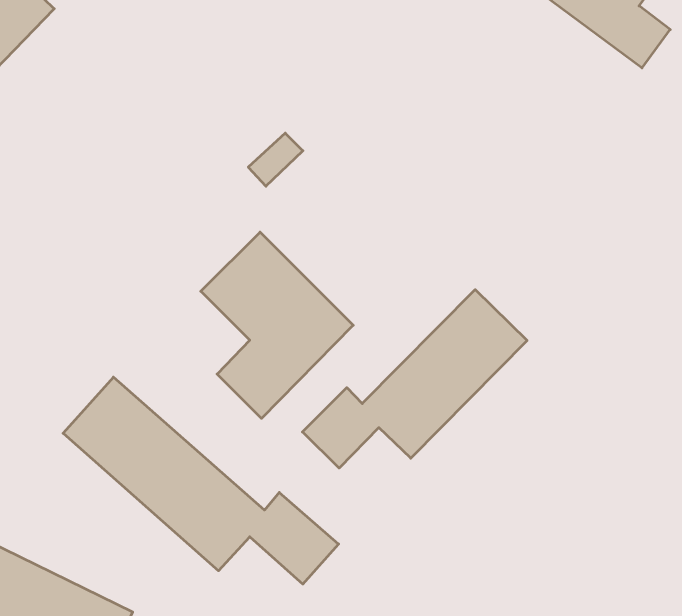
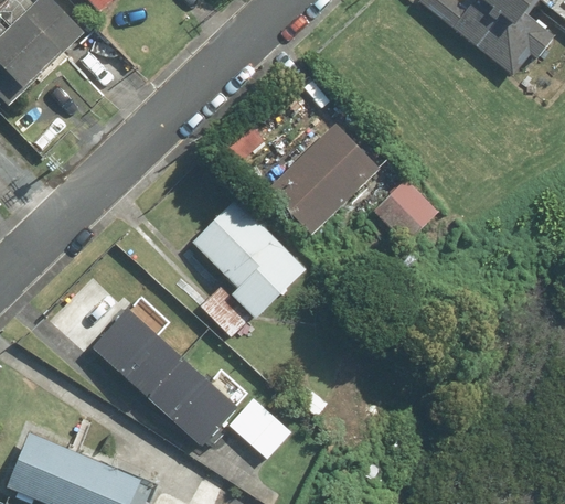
building: none -> [258,125,380,235]
building: none -> [372,175,441,245]
building: [302,290,527,468] -> none

